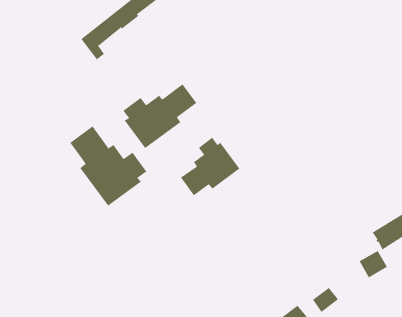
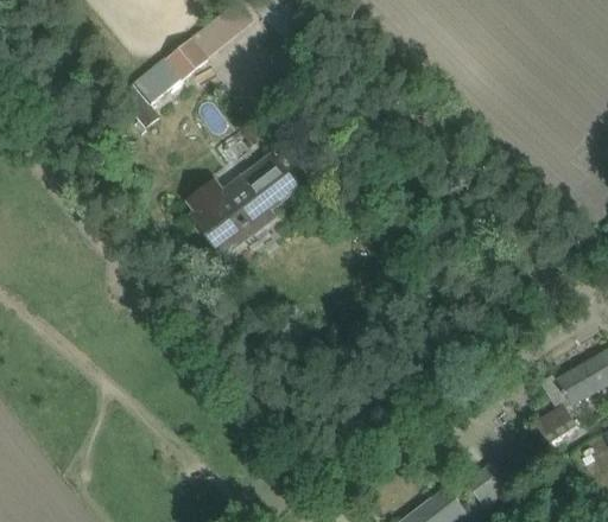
building: [70,126,147,206] -> none
building: [180,137,240,196] -> none

